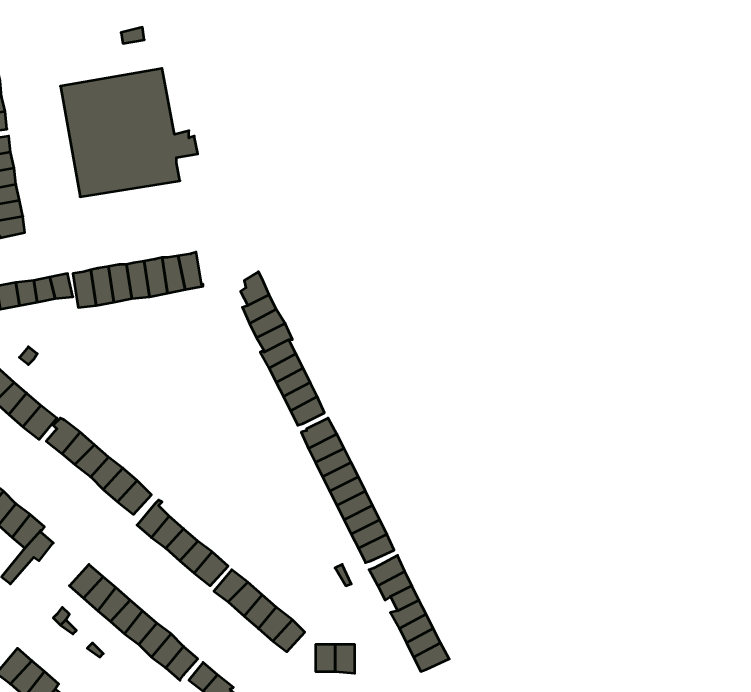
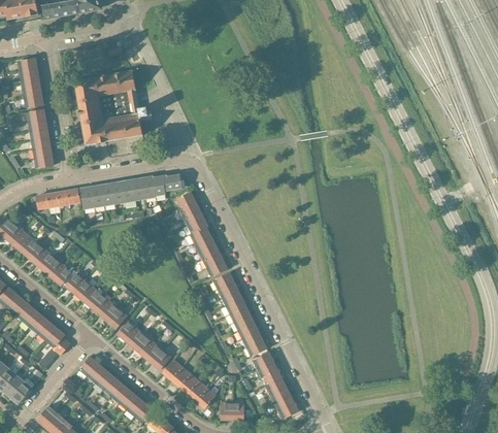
building: none -> [152,174,187,195]

